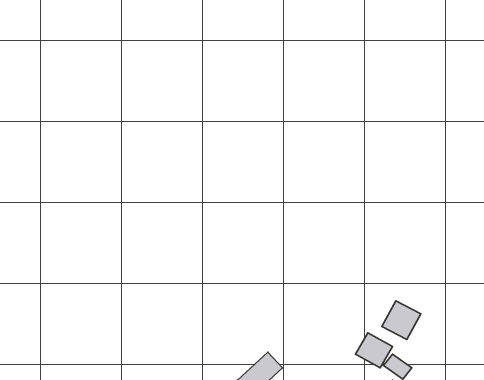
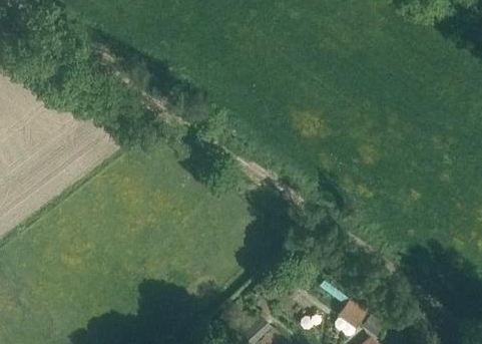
building: [382,301,421,340] -> none

